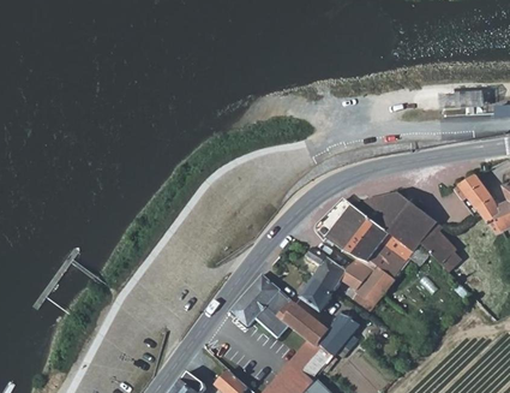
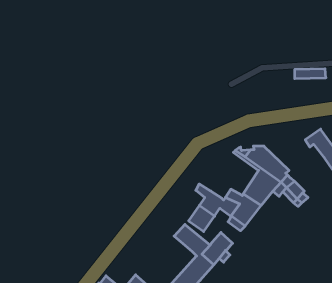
building: [318,201,392,263] -> none
building: [229,273,294,338] -> none

